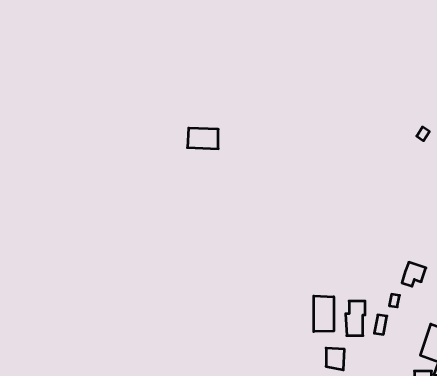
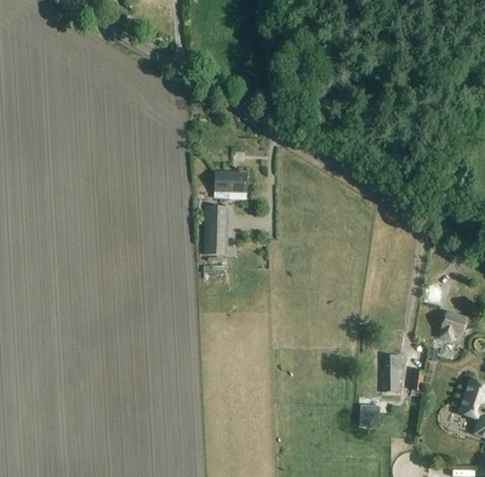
building: none -> [206,206,229,255]
building: [314,296,334,332] -> none

